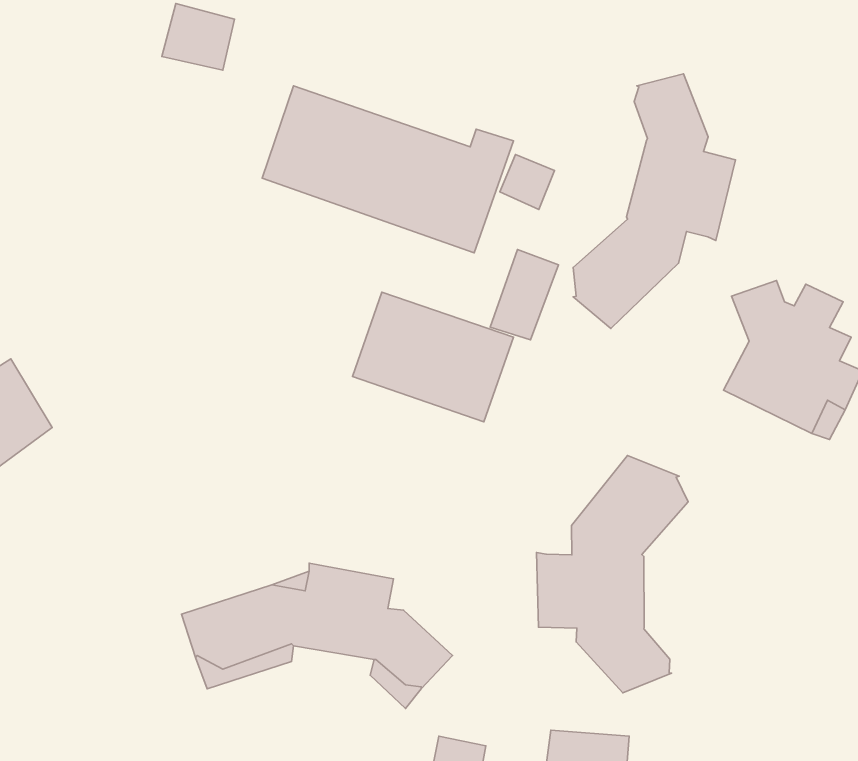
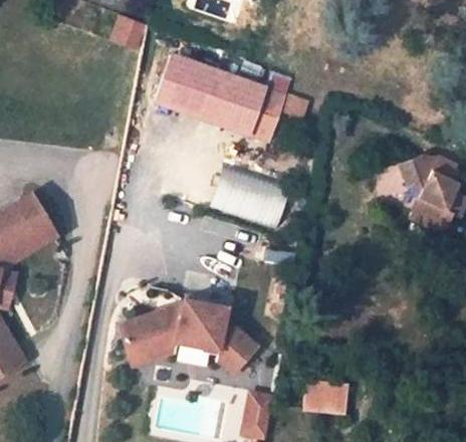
building: [573,74,736,328] -> none
building: [490,250,558,340] -> none
building: [536,455,688,693] -> none

